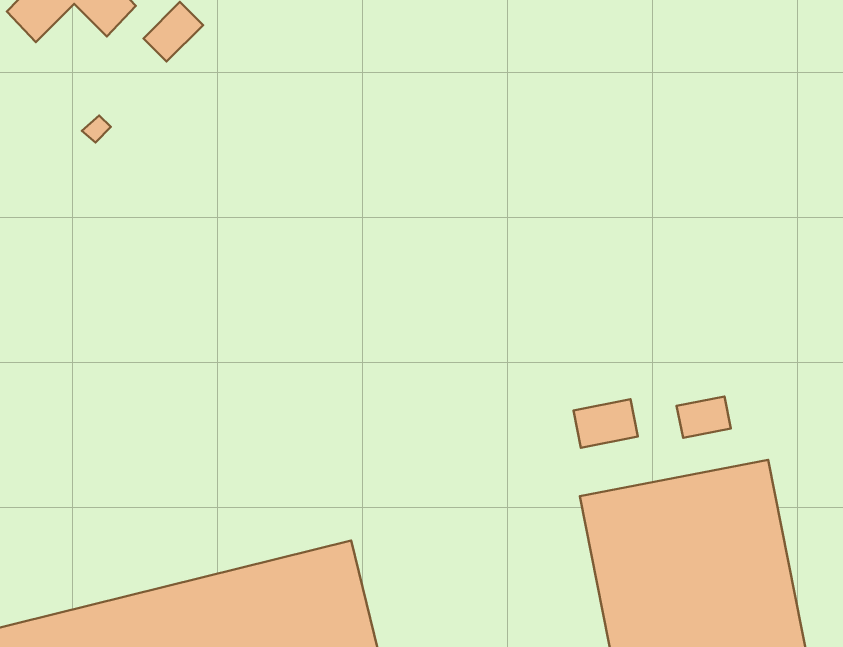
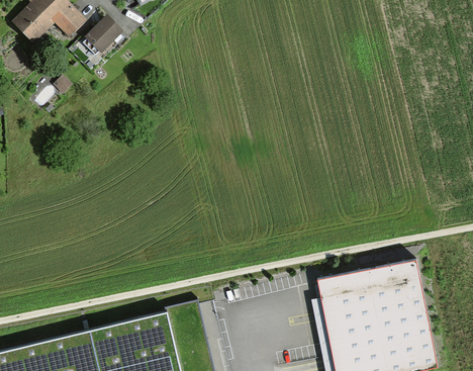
building: [677,396,731,438] -> none
building: [573,399,638,448] -> none

